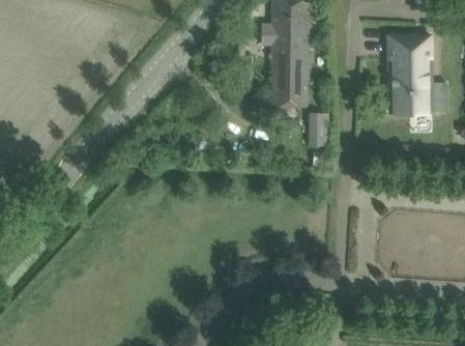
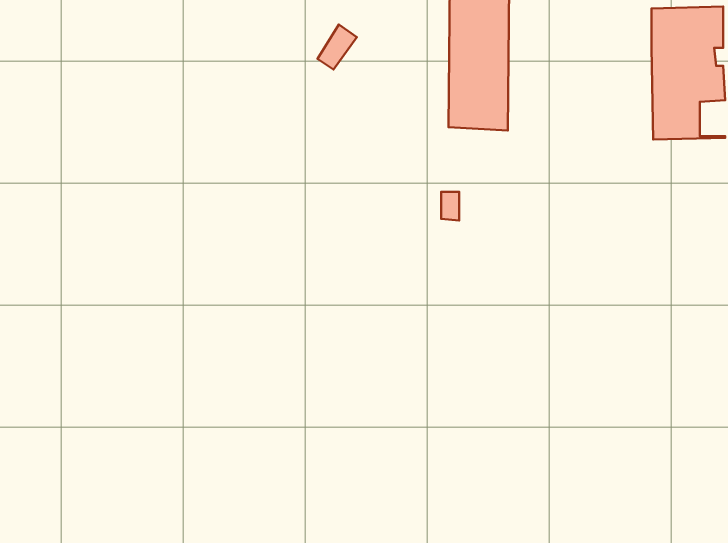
building: [309,111,328,145] -> none

